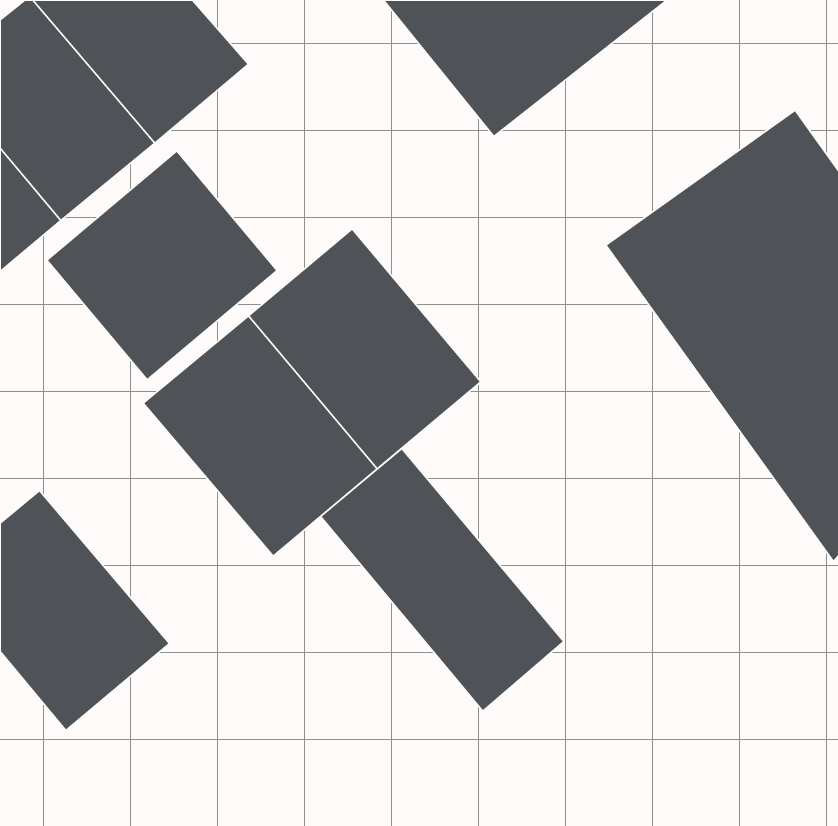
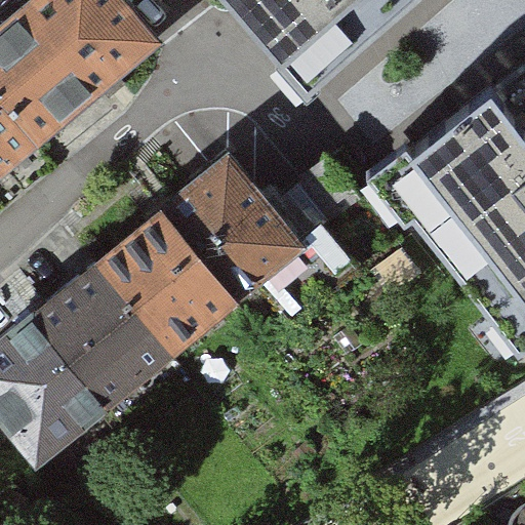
building: [47,151,277,380] -> none
building: none -> [27,260,172,410]
building: [320,448,564,711] -> none

